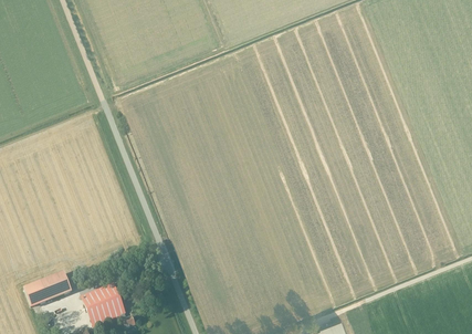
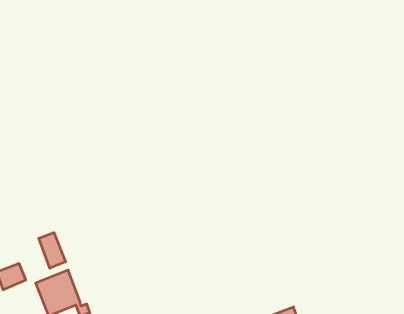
building: none -> [39,233,66,268]

